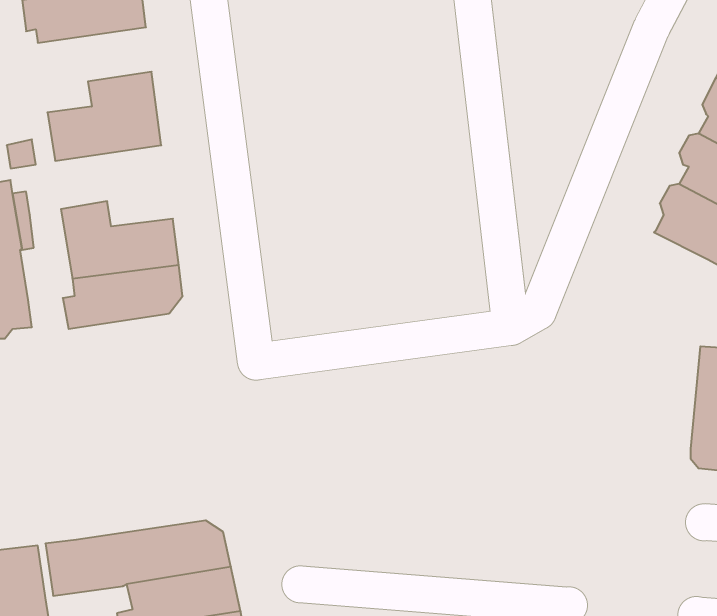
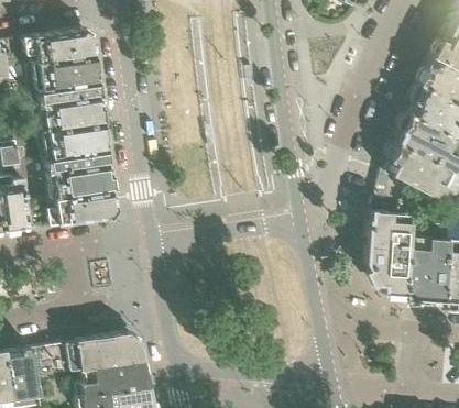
building: none -> [29,53,100,101]
building: none -> [45,120,112,166]
building: none -> [369,169,417,293]

